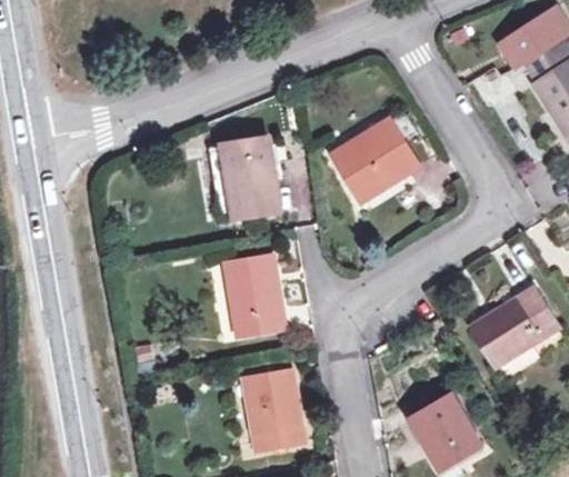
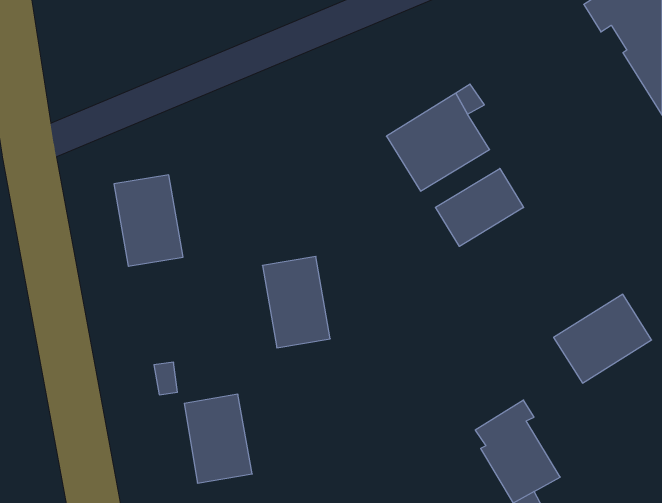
building: [222,140,281,218] -> [114,175,183,266]
building: none -> [435,168,524,246]
building: [246,374,303,449] -> [184,394,252,483]

